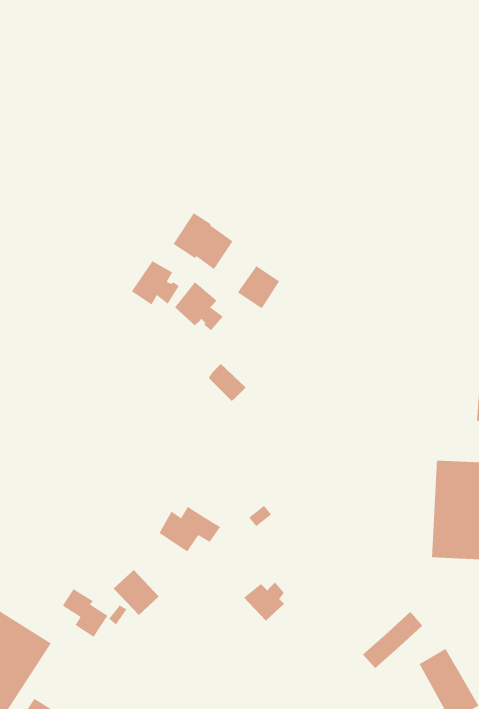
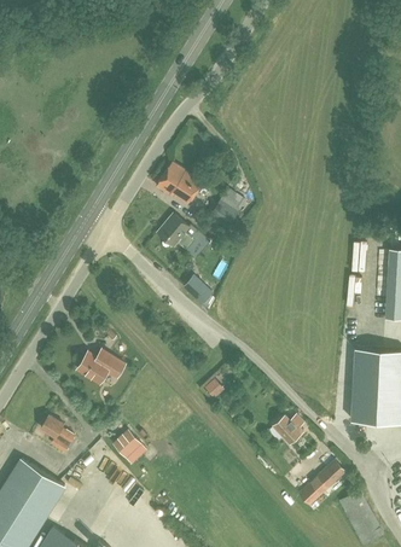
building: [131,260,180,305] -> none
building: [158,506,221,552] -> [77,350,124,385]
building: [243,581,285,622] -> [272,415,303,446]
building: [62,588,108,638] -> [40,417,75,454]

